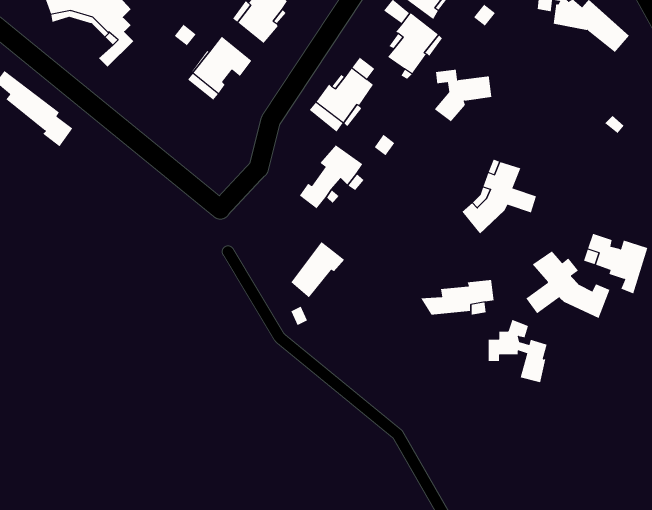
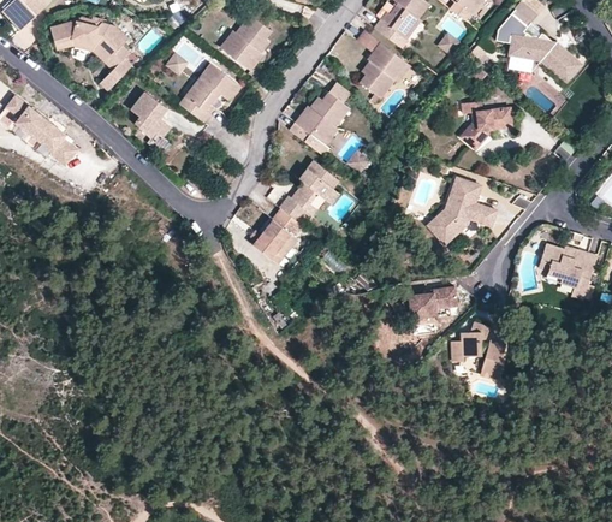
building: none -> [131,91,171,135]
building: [434,69,492,122] -> [461,99,513,147]
building: [291,241,345,298] -> [254,208,303,260]
building: [525,251,610,319] -> none

